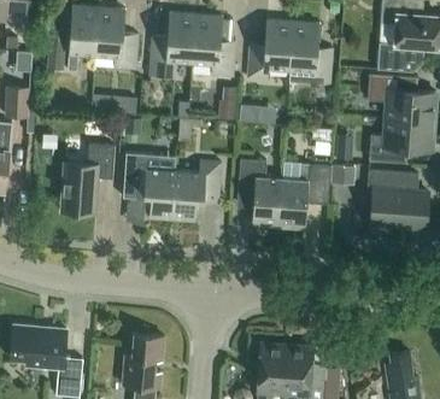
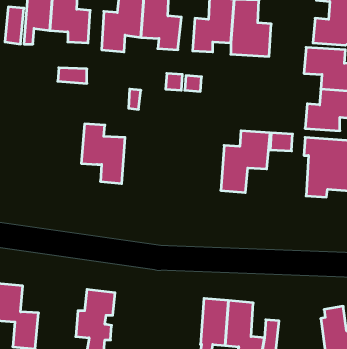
building: [59,143,113,213] -> none
building: [236,159,281,227] -> none
building: [171,160,221,221] -> none

